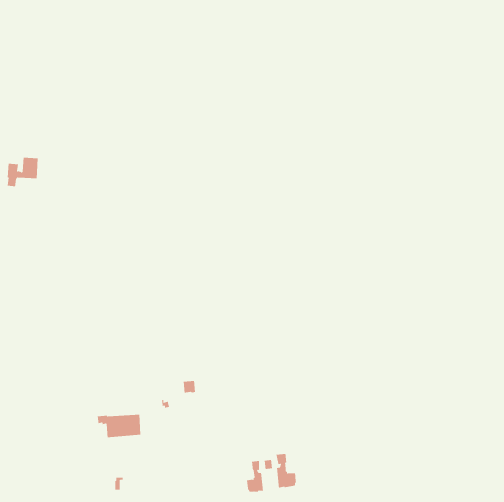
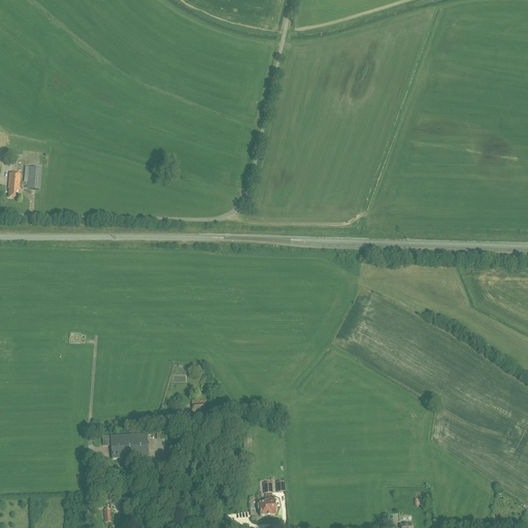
building: [276,453,296,488] -> none

